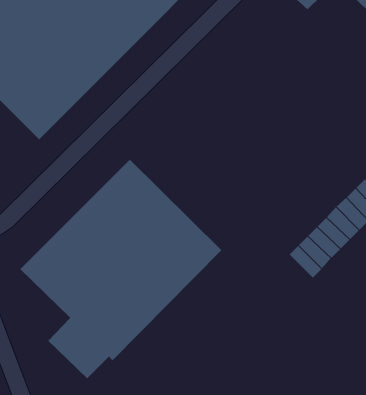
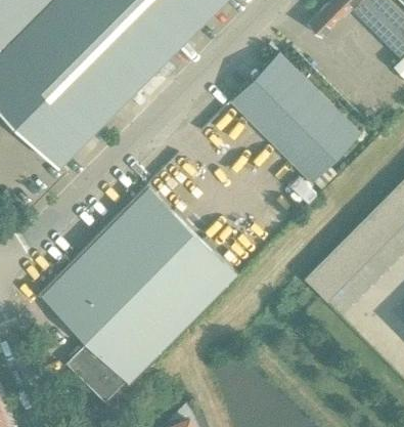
building: none -> [231,53,360,191]

